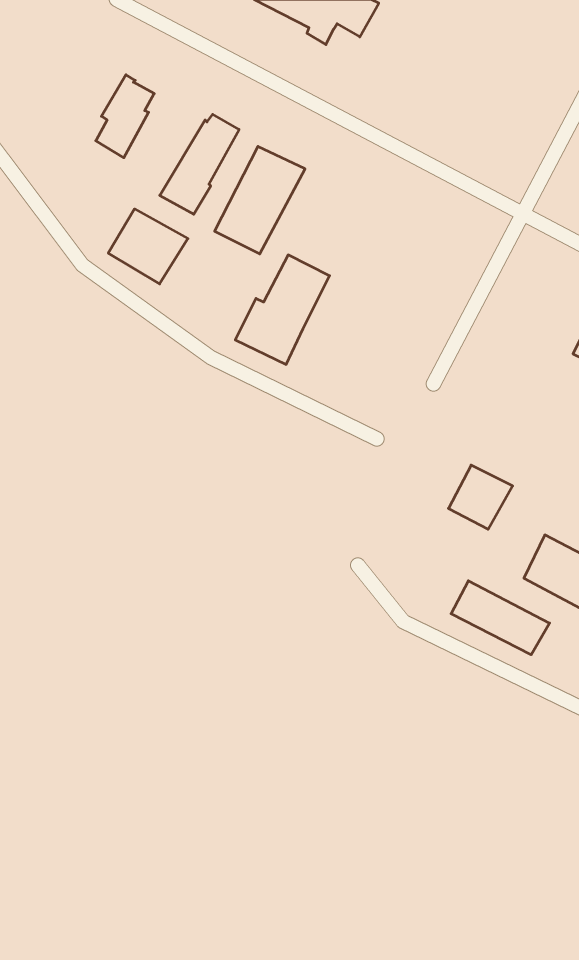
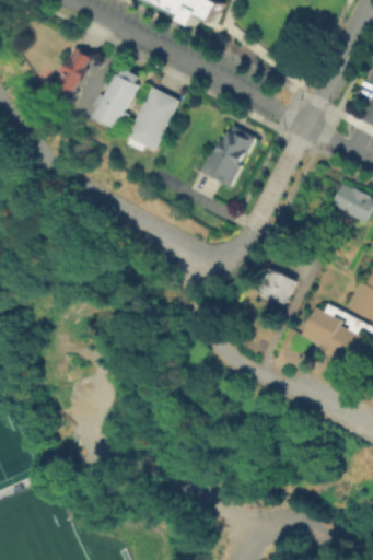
building: [108,209,188,284] -> none
building: [235,255,330,364] -> [199,121,254,185]
building: [451,581,550,655] -> none

